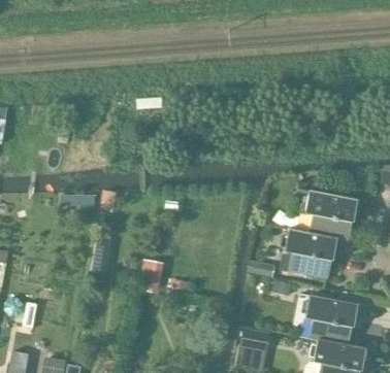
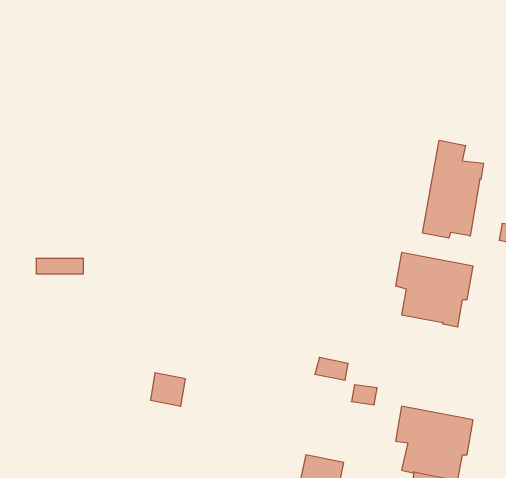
building: none -> [422,140,483,238]
building: [284,229,336,279] -> none

